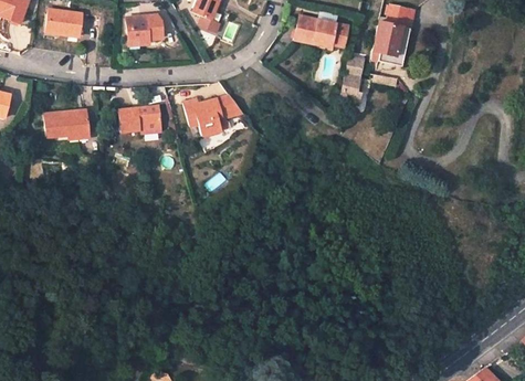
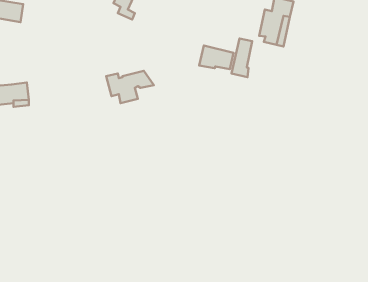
building: [126,15,161,44] -> none
building: [293,15,335,44] -> [199,46,233,69]
building: [117,105,161,131] -> none

